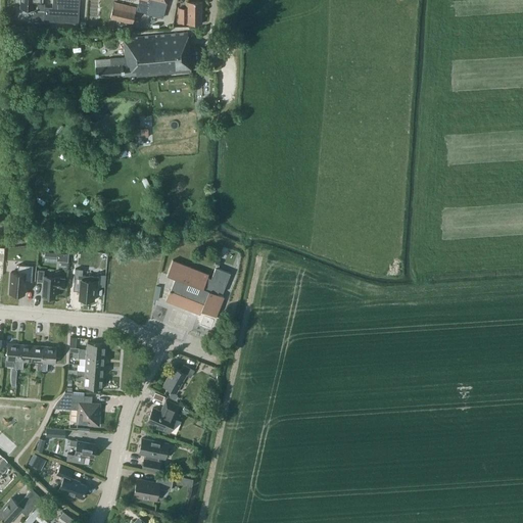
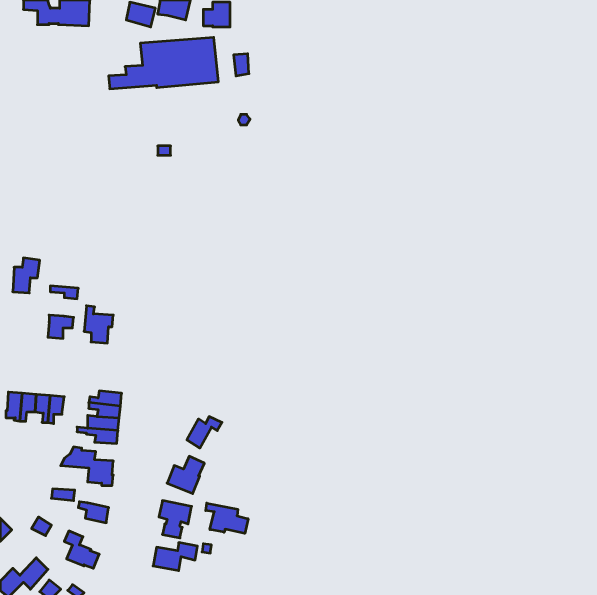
building: [165,260,230,318] -> none
building: [9,265,33,295] -> [13,258,40,293]
building: none -> [206,503,248,533]

